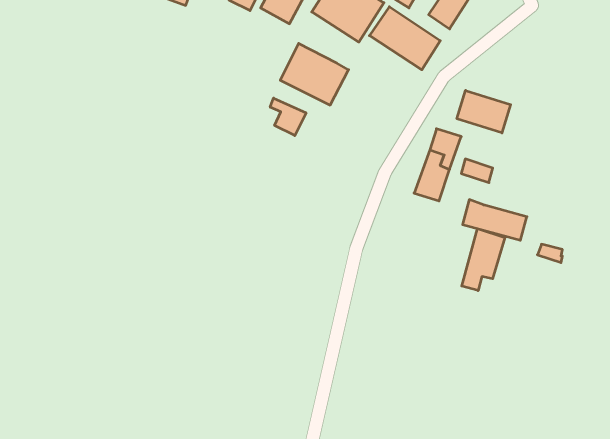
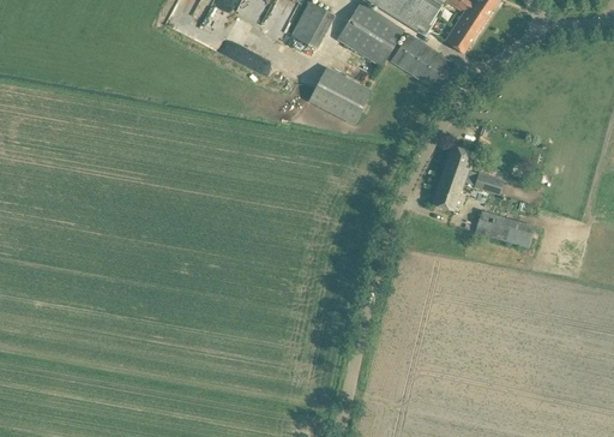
building: [457,90,511,133] -> none
building: [270,98,306,136] -> none
building: [462,229,505,291] -> none

